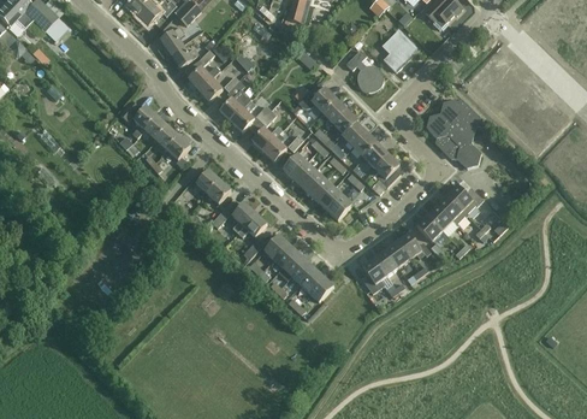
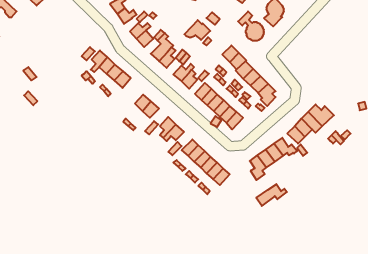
building: [298,83,336,112] -> [184,20,210,40]
building: [426,99,480,167] -> none
building: none -> [256,184,287,206]

